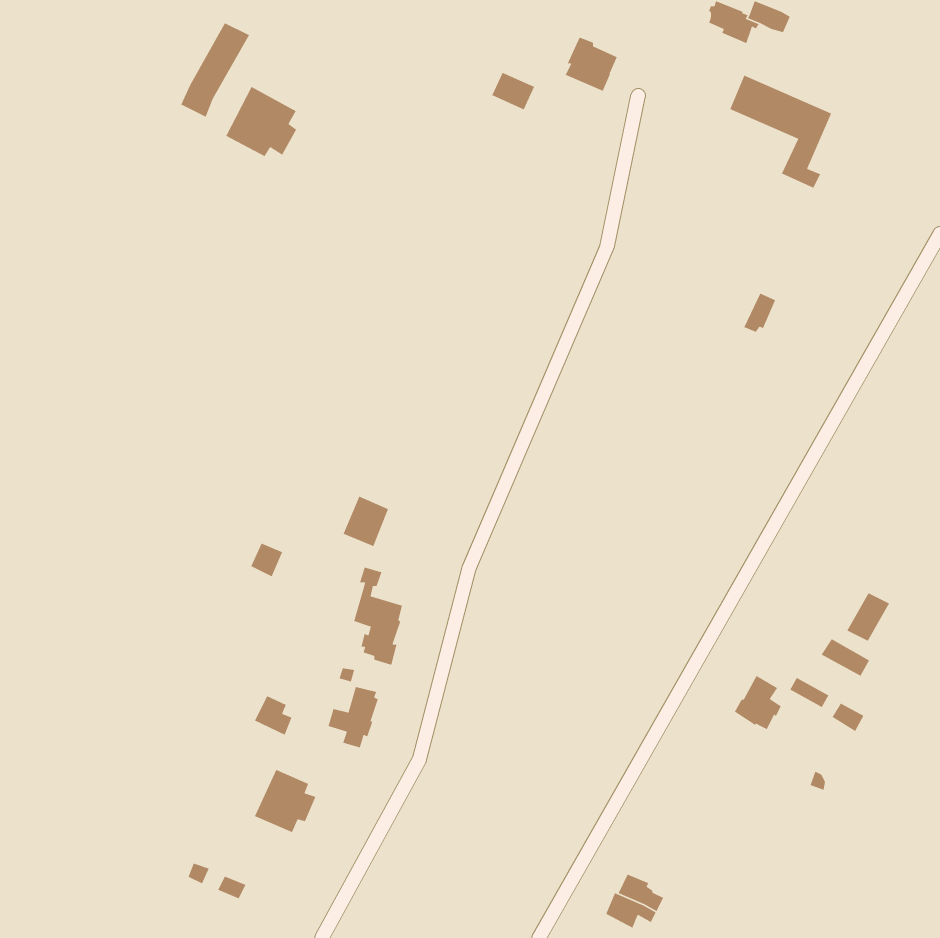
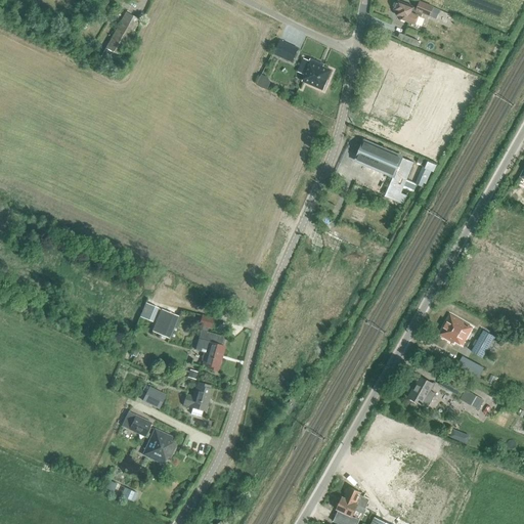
building: [565,37,618,92] -> [302,58,332,89]
building: [729,75,832,189] -> [356,140,413,204]
building: [225,86,297,157] -> none
building: [342,496,388,547] -> [151,309,177,338]
building: none -> [438,312,473,345]
building: none -> [122,411,150,436]

